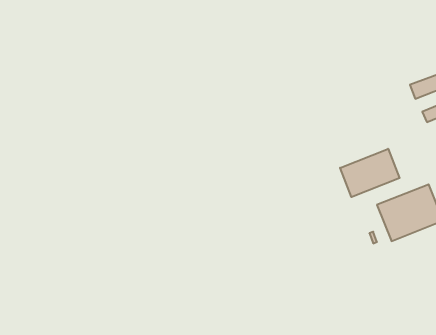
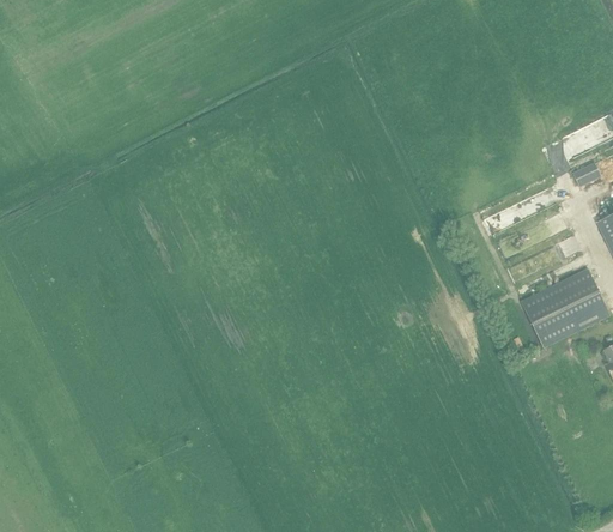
building: [340,149,400,197] -> none

